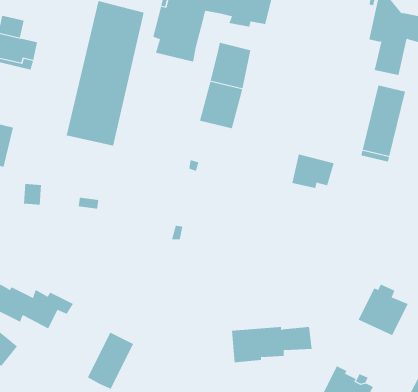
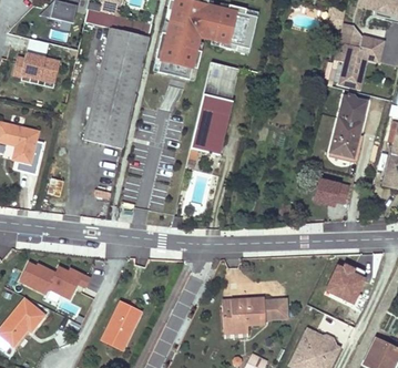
building: none -> [190,126,222,155]
building: [292,154,334,188] -> [315,176,350,205]

